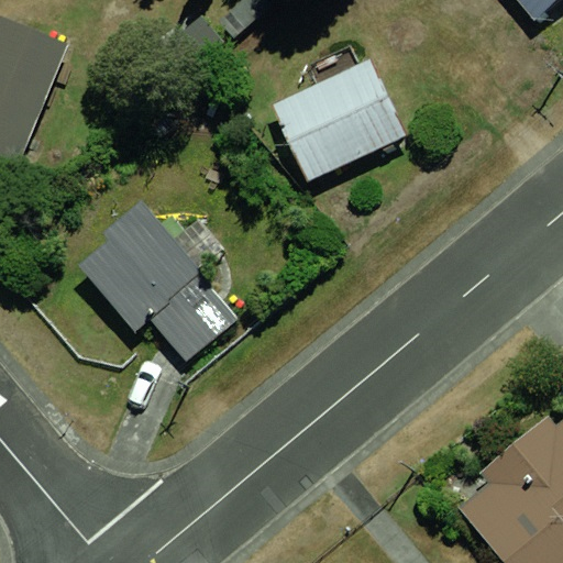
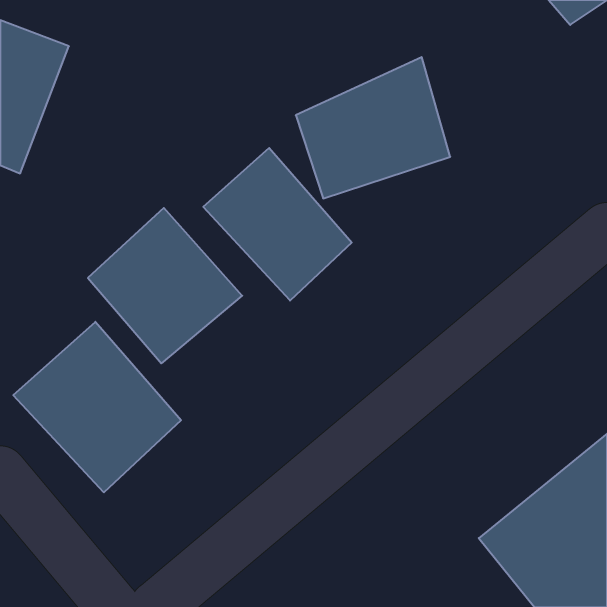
building: none -> [203,148,352,301]
building: none -> [13,322,181,492]

